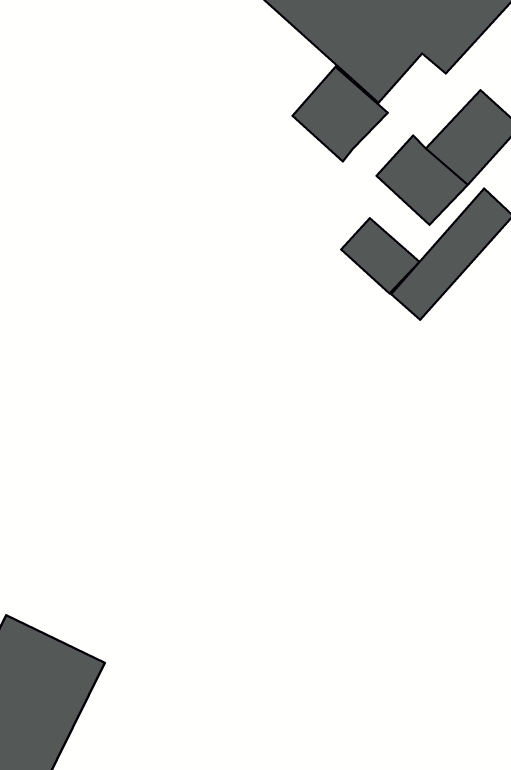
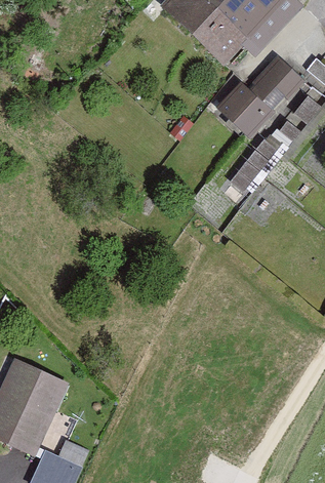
building: [292,67,388,162] -> none
building: [341,218,420,294] -> none

